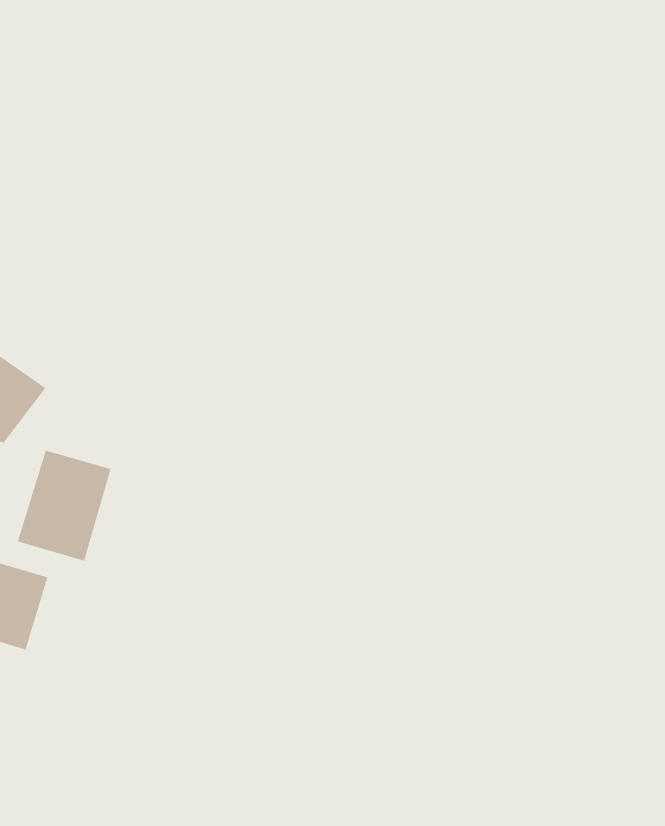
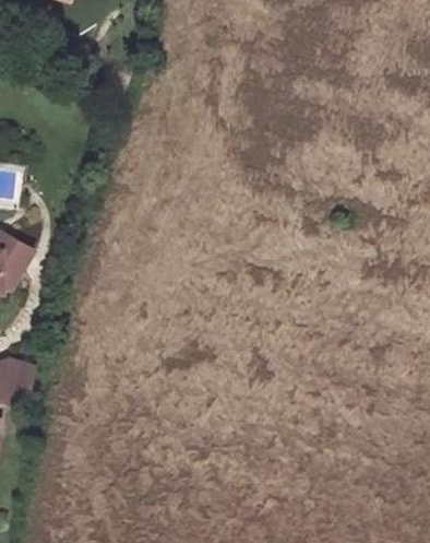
building: [17,450,111,562] -> none

